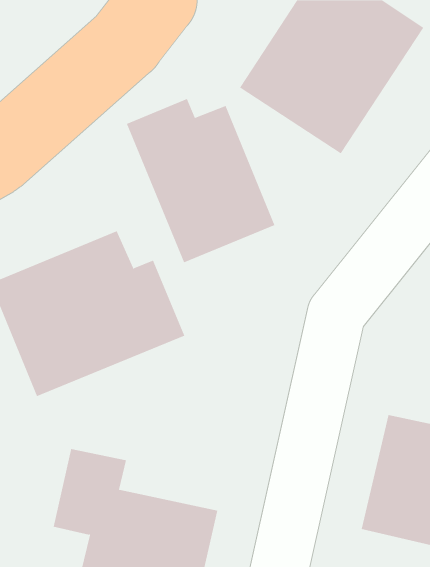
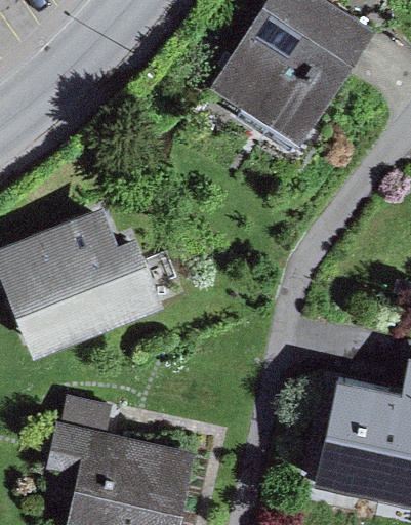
building: [126,98,275,263] -> none

